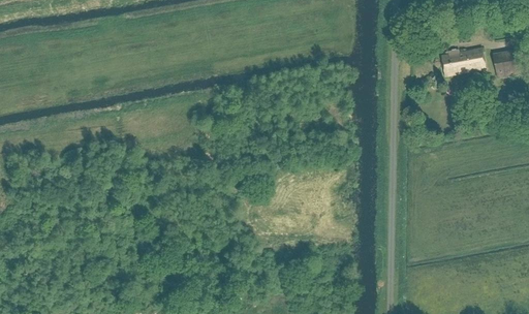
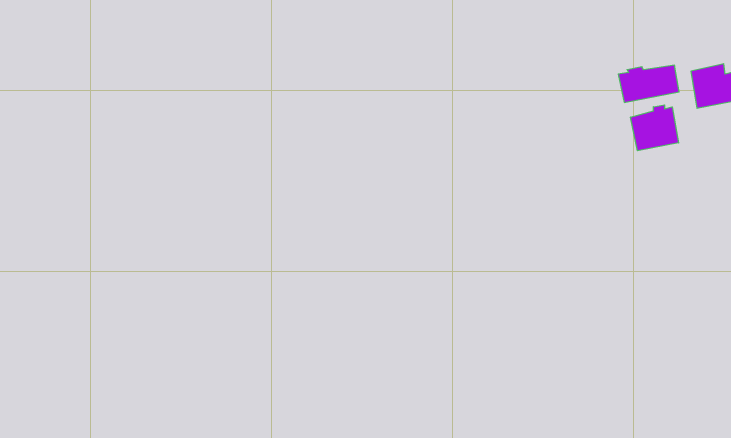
building: none -> [631,105,679,151]

